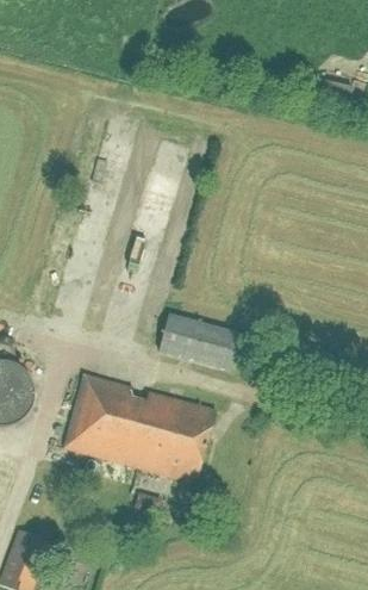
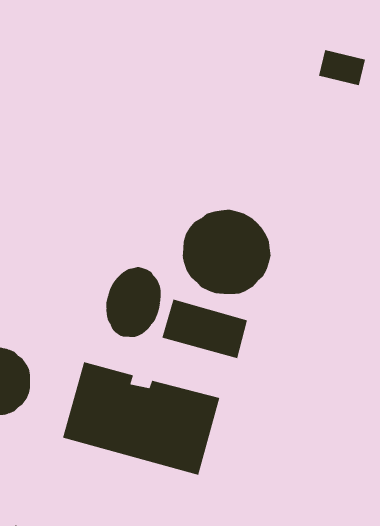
building: none -> [182,209,271,295]
building: none -> [106,266,161,338]

